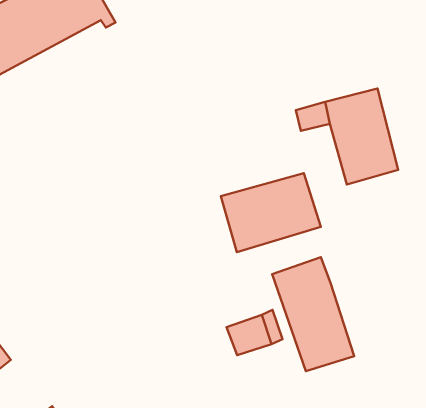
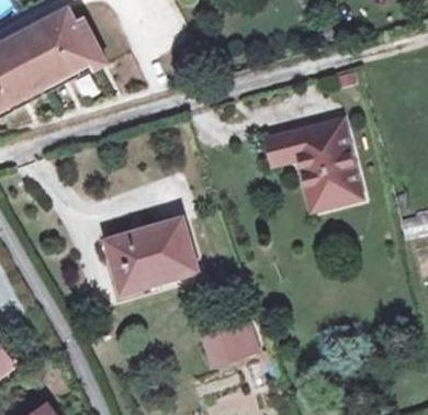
building: [221,173,321,252] -> [108,220,198,291]
building: [272,257,354,371] -> none

